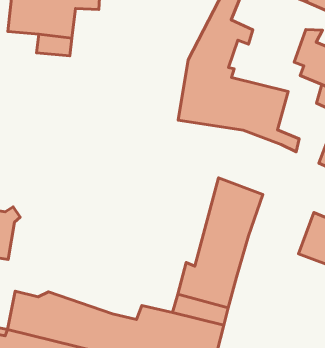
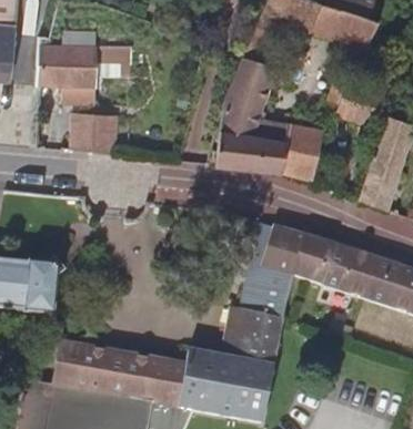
building: none -> [72,112,119,155]
building: none -> [292,234,356,292]

